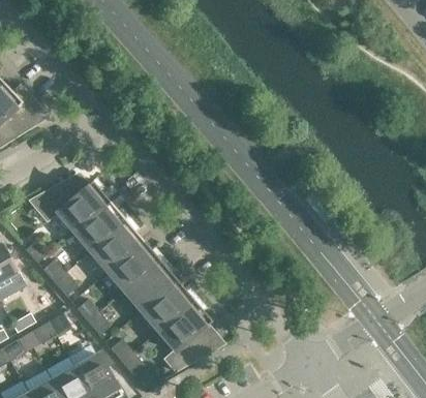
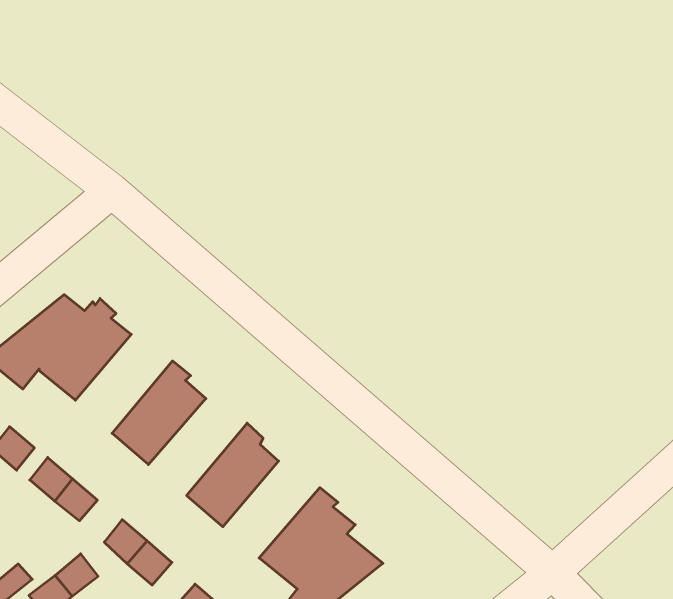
building: [73,202,128,252] -> none
building: [106,242,162,292] -> none
building: [141,281,195,331] -> none

